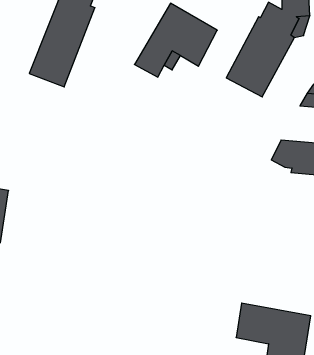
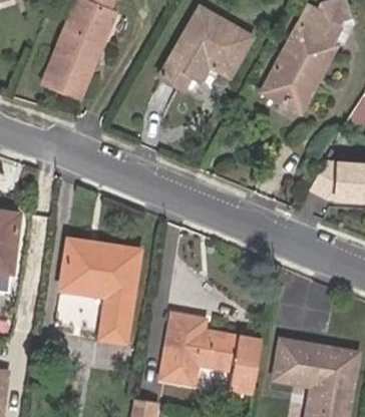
building: none -> [60,240,139,342]
building: none -> [160,313,261,390]

